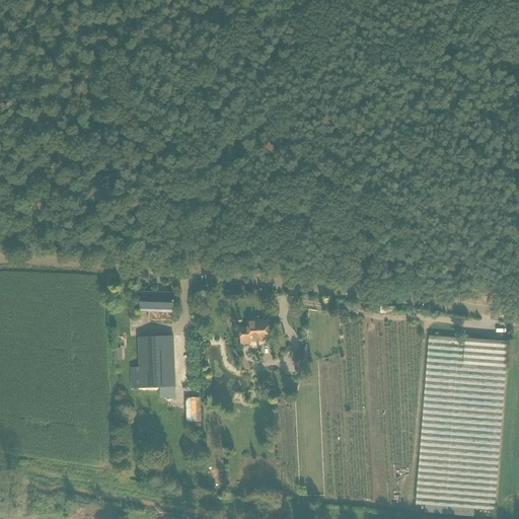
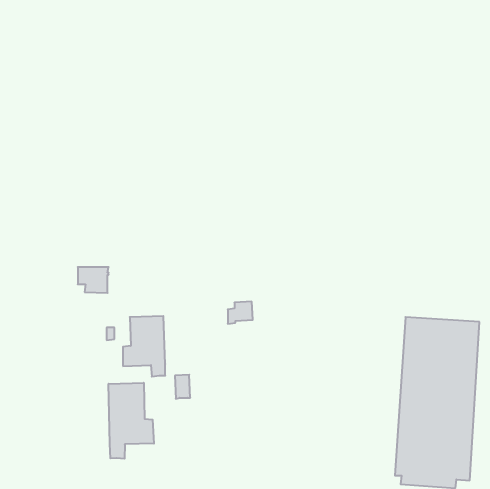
building: [140,291,172,318] -> [78,267,109,293]
building: none -> [109,383,154,459]

